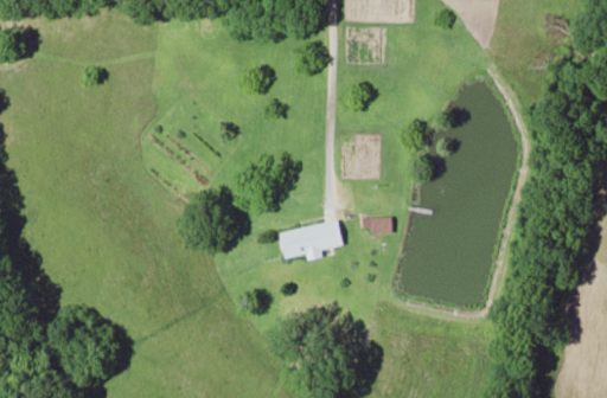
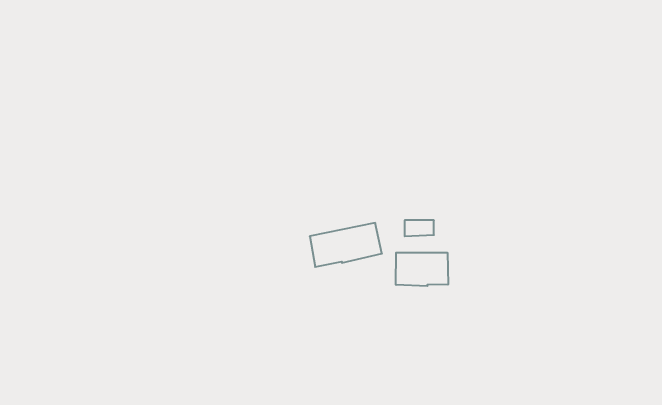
building: none -> [396,253,448,286]

